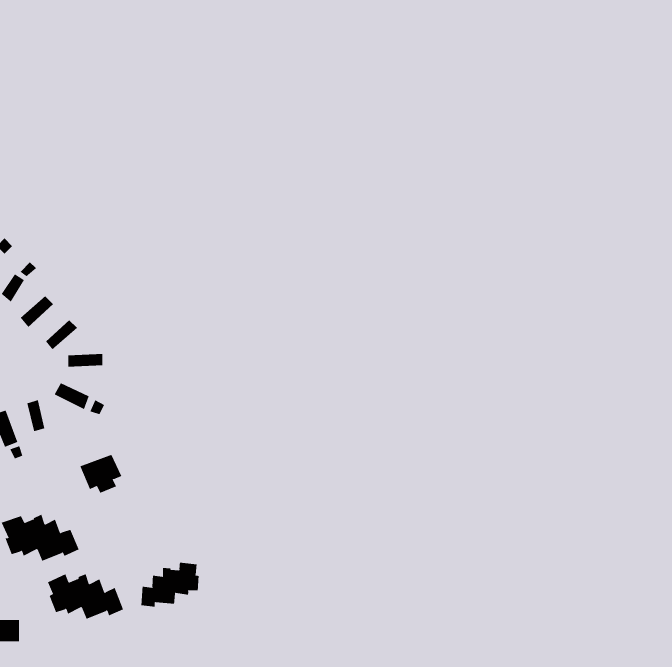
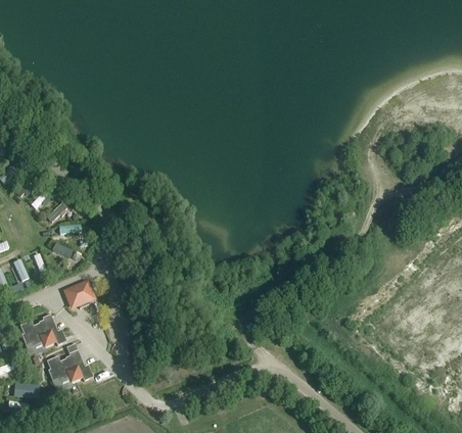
building: [141,562,199,607] -> none

